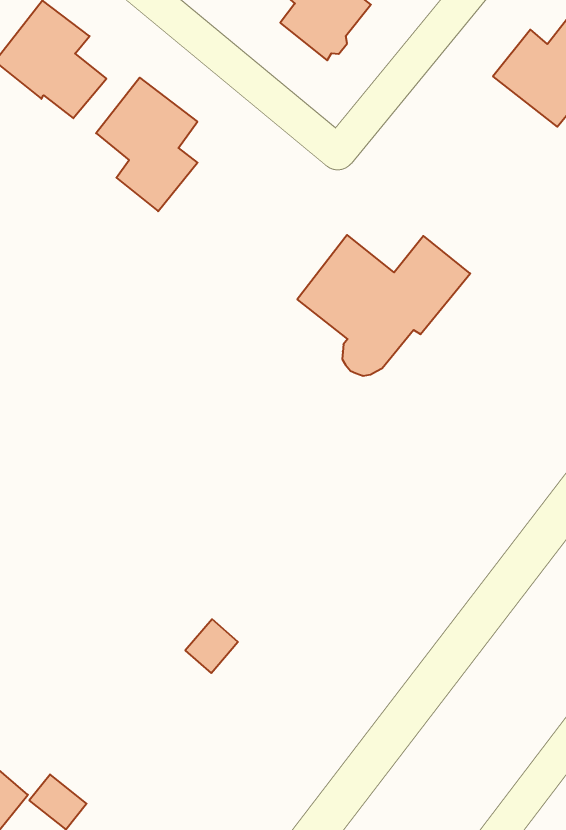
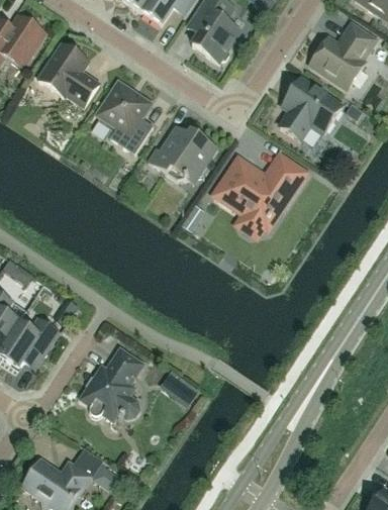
building: none -> [280,77,343,138]
building: none -> [149,123,218,179]
building: none -> [81,346,143,417]

